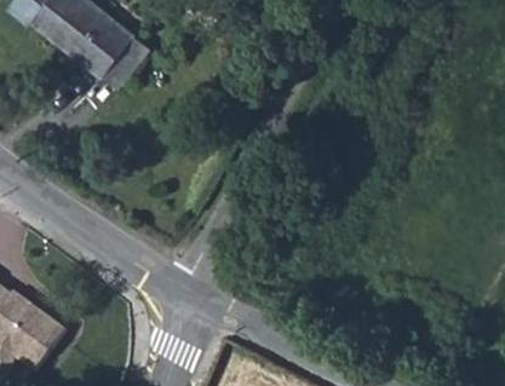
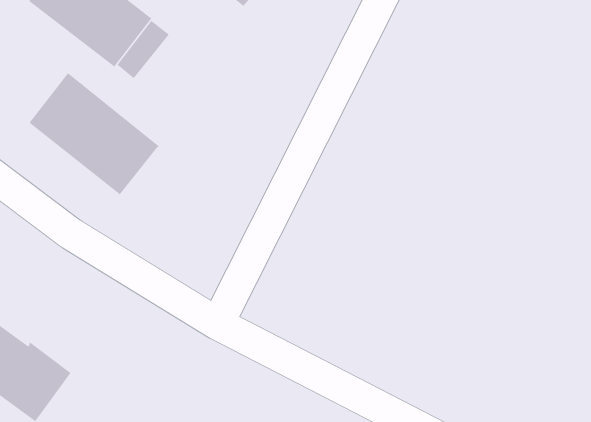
building: none -> [29,72,160,196]

